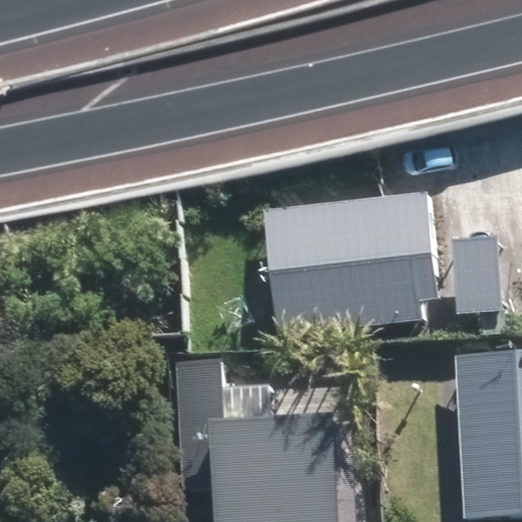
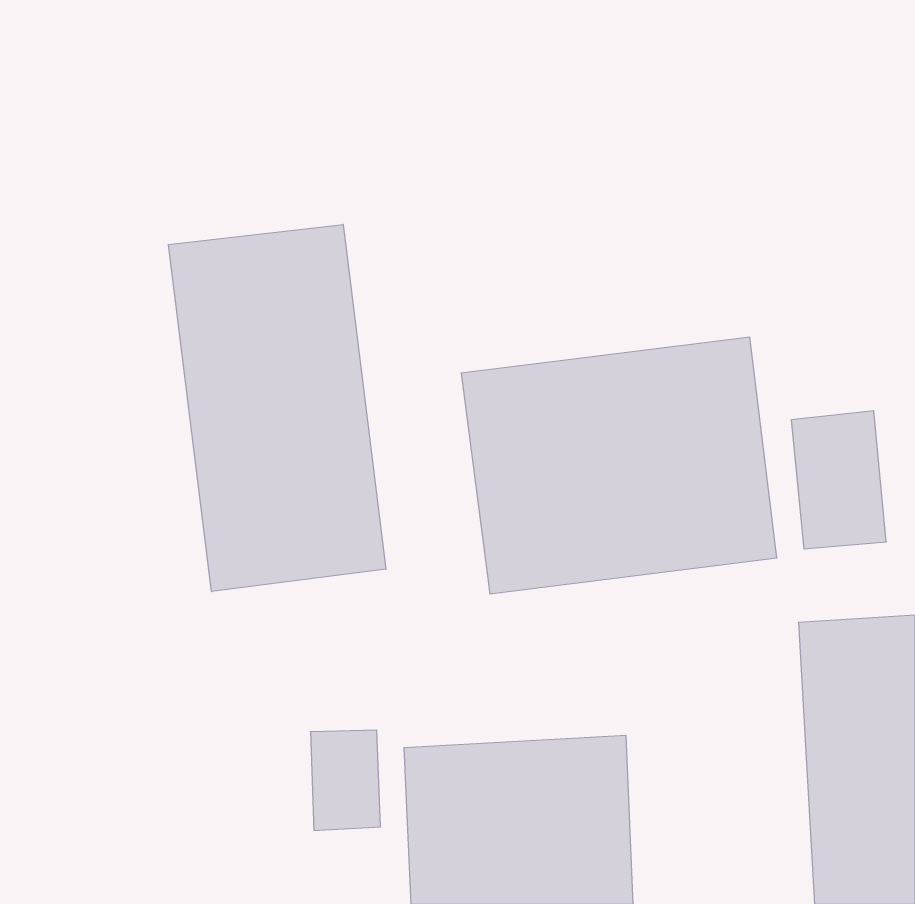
building: none -> [169,224,386,592]

